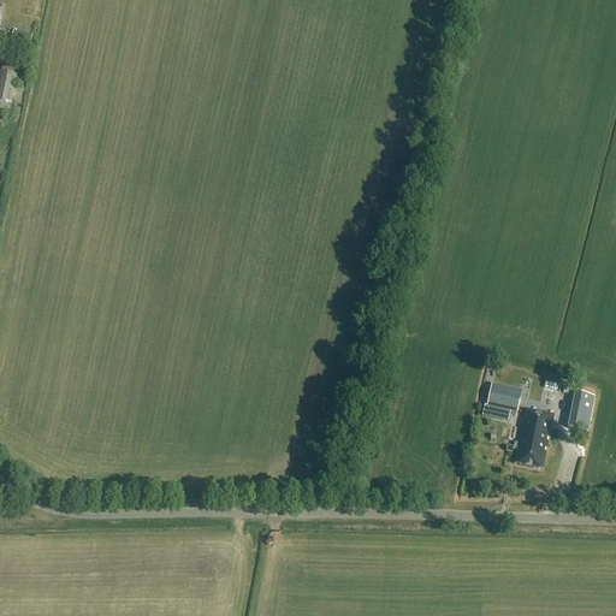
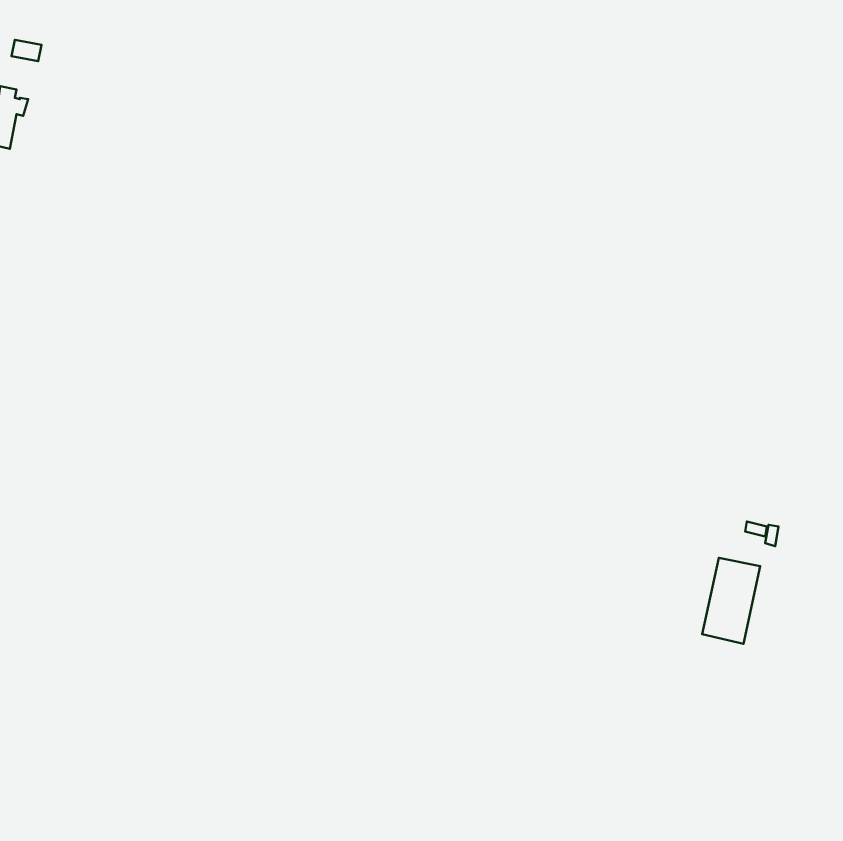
building: [485,381,517,409] -> none
building: [565,391,592,430] -> none

